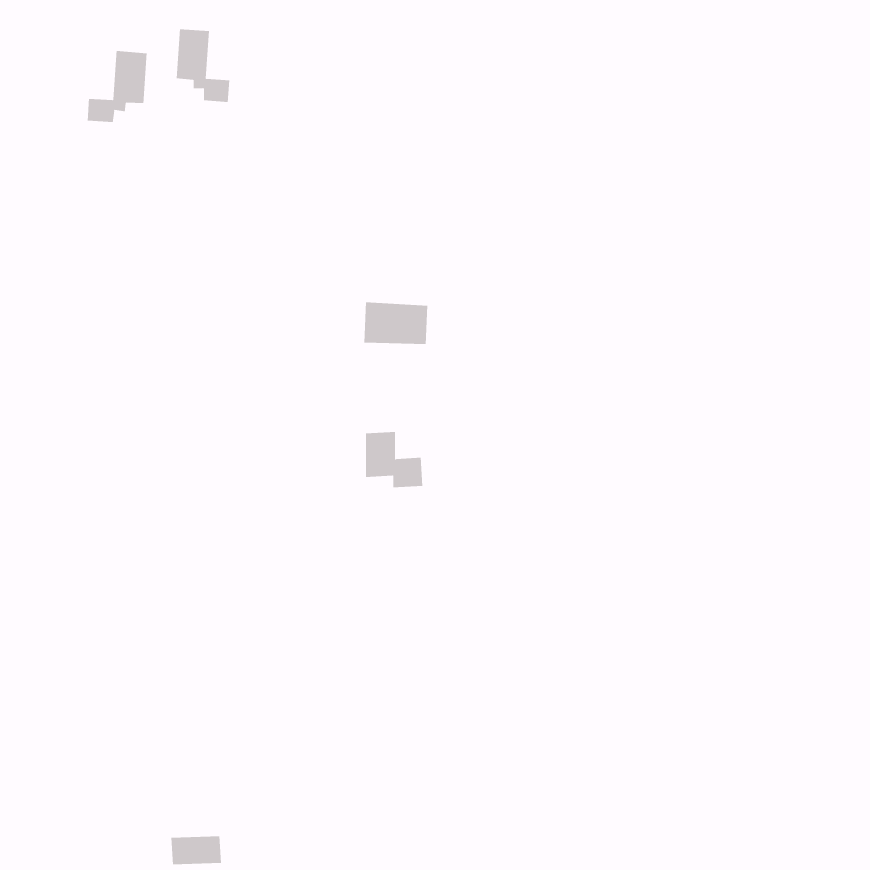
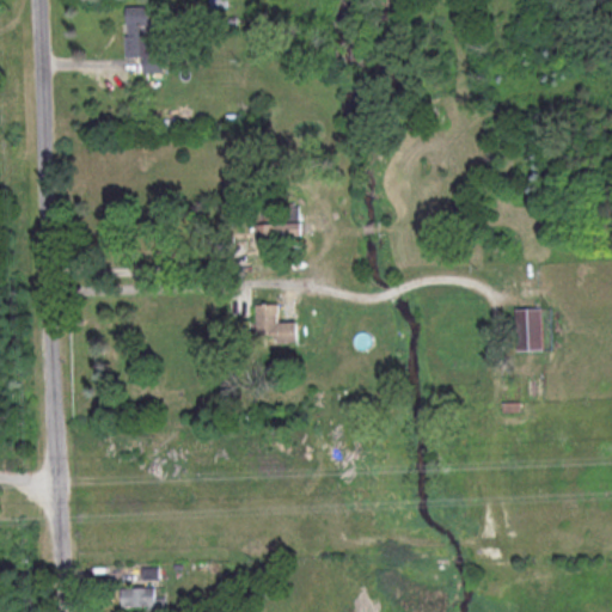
building: [87,50,147,123] -> none
building: none -> [514,308,541,350]

